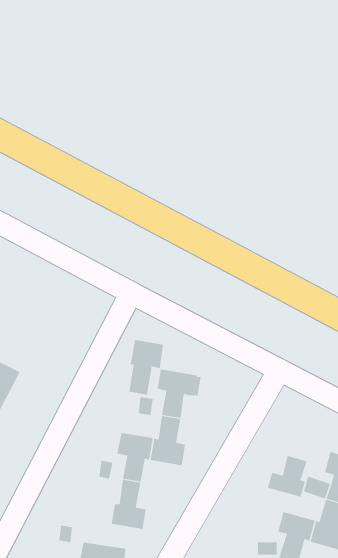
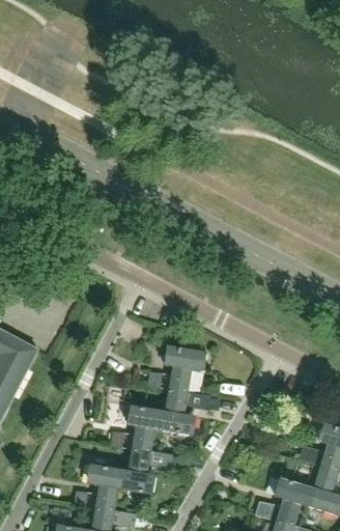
building: [129,339,163,395] -> none
building: [267,455,307,497] -> none
building: none -> [90,465,124,508]

